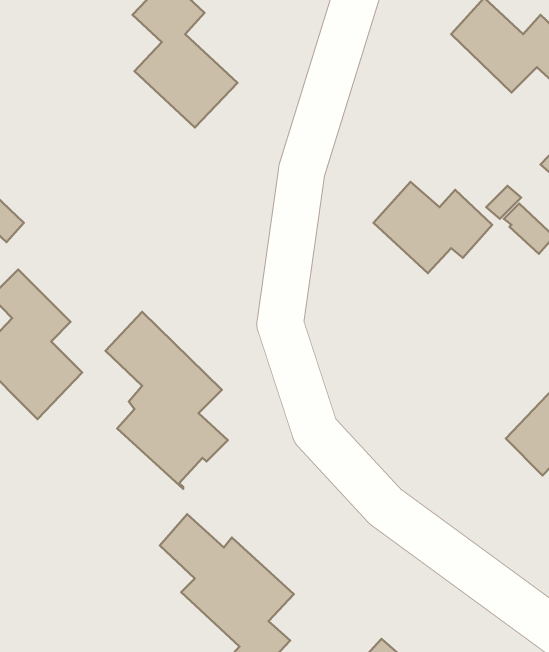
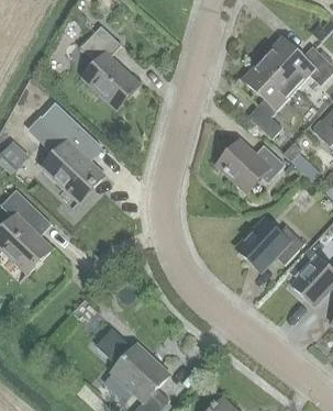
building: none -> [242,56,296,137]
building: [105,312,228,489] -> [35,101,104,201]
building: none -> [237,222,304,270]

